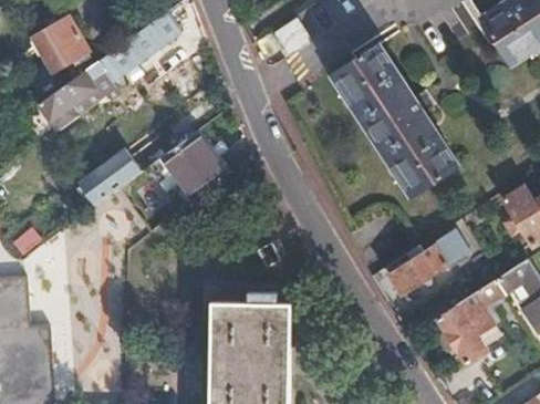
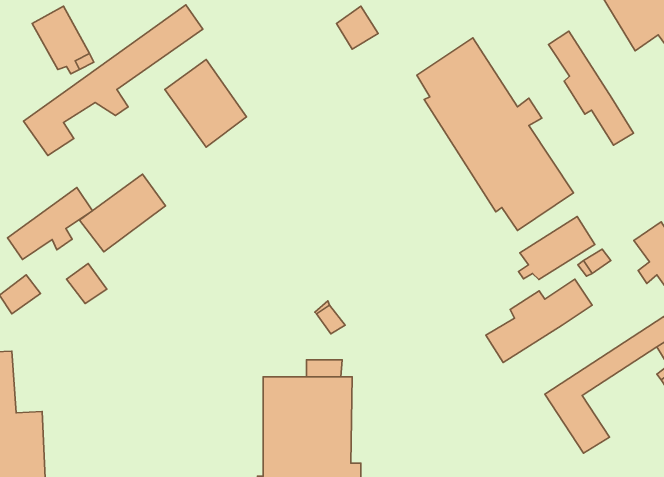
building: none -> [548,31,634,145]
building: [160,136,224,204] -> [165,59,247,147]
building: none -> [7,187,92,260]
building: none -> [518,216,595,279]

